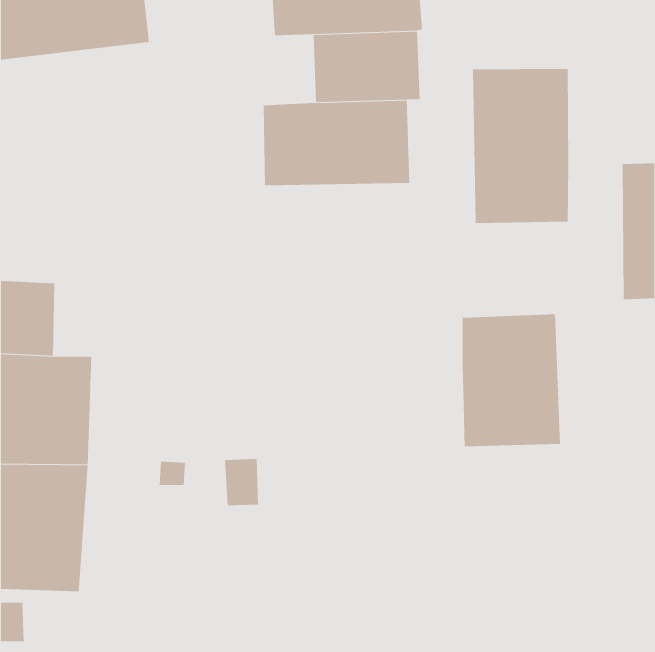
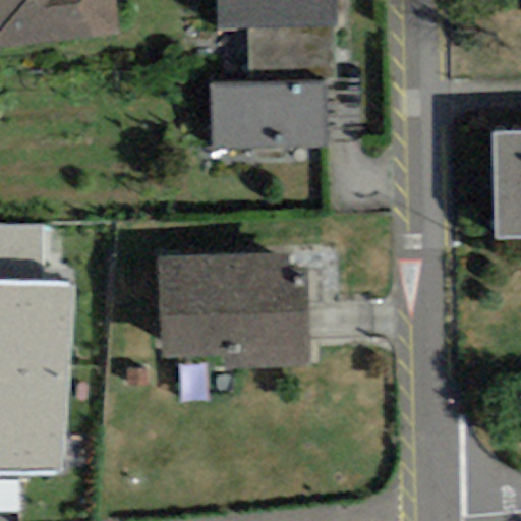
building: [472,68,569,224] -> none
building: [462,313,561,447] -> none
building: none -> [159,253,309,368]

